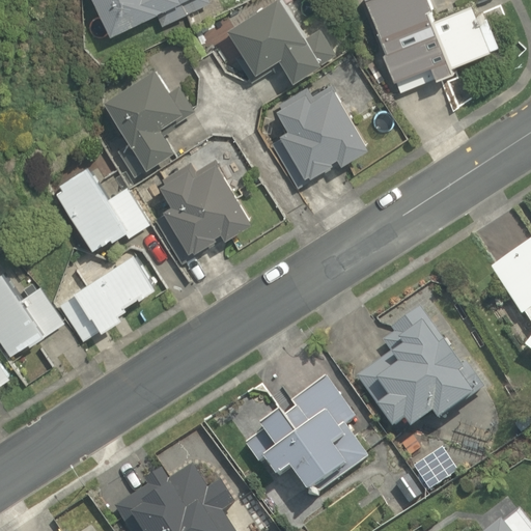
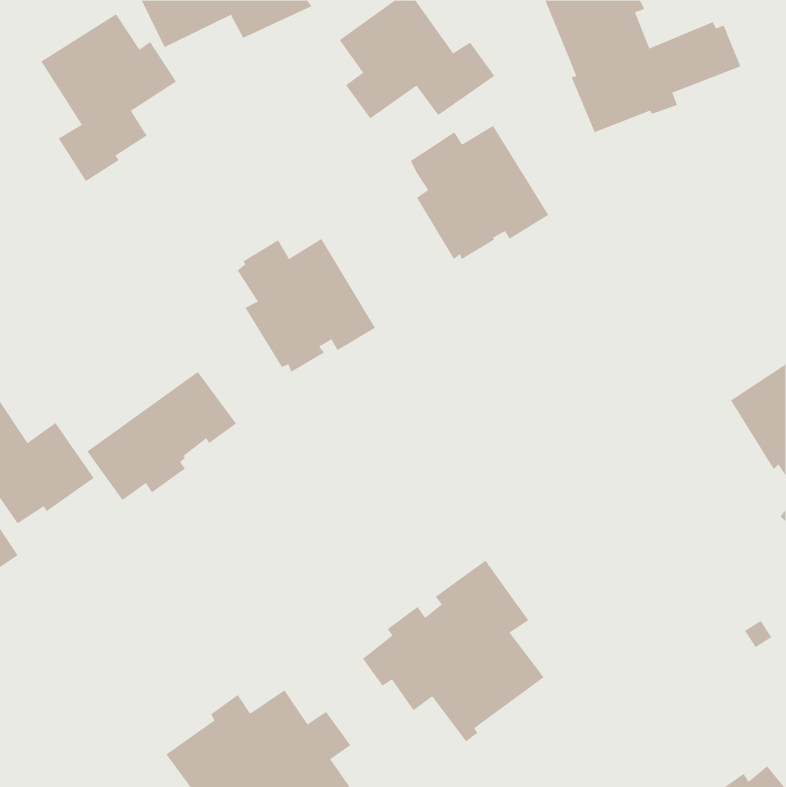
building: [104,67,195,180] -> [41,13,177,182]
building: [52,164,149,249] -> none
building: [354,309,483,428] -> none

